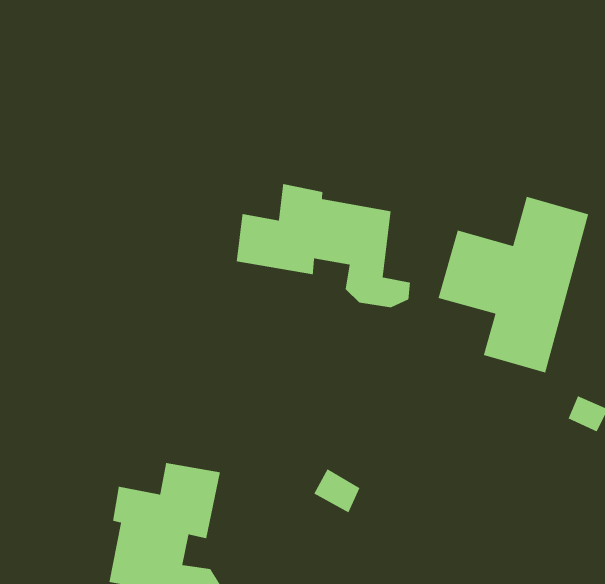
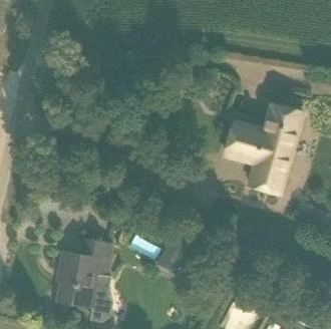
building: [236,183,411,308] -> none

